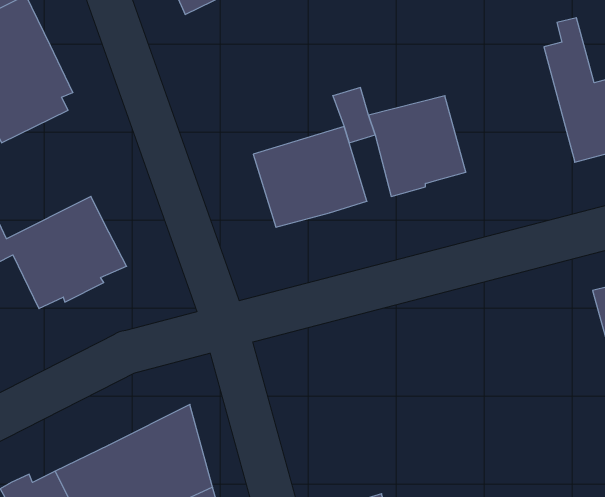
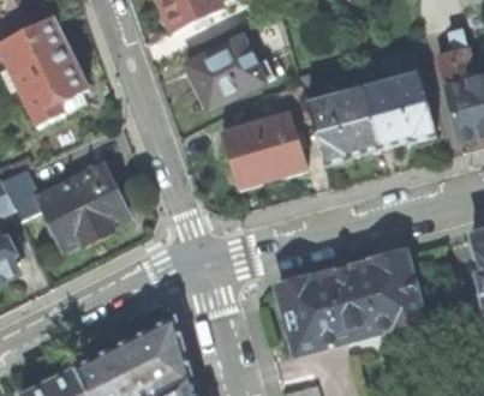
building: none -> [187,37,271,108]
building: none -> [363,74,434,145]
building: none -> [275,252,422,352]

